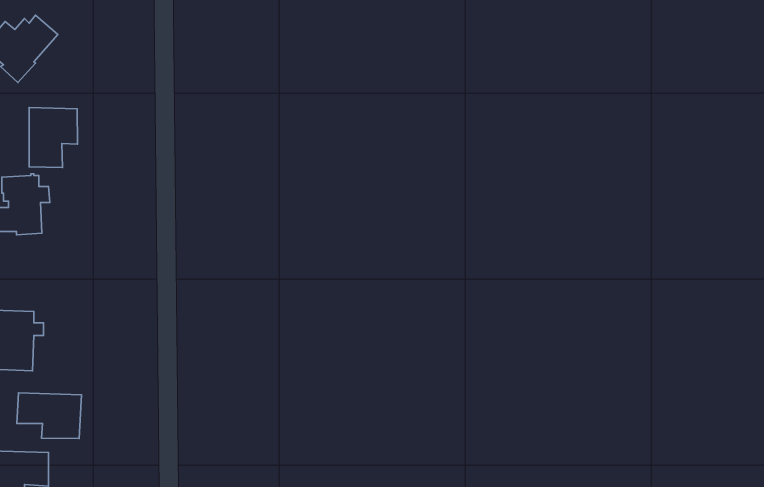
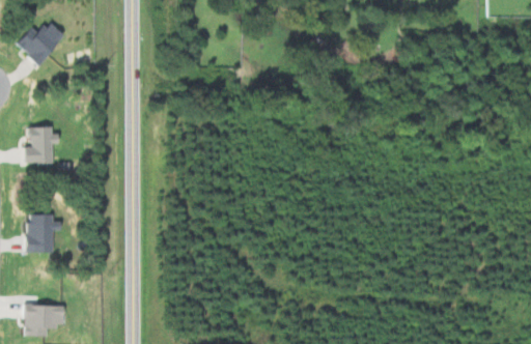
building: [29,108,78,168] -> none
building: [17,393,82,438] -> none

